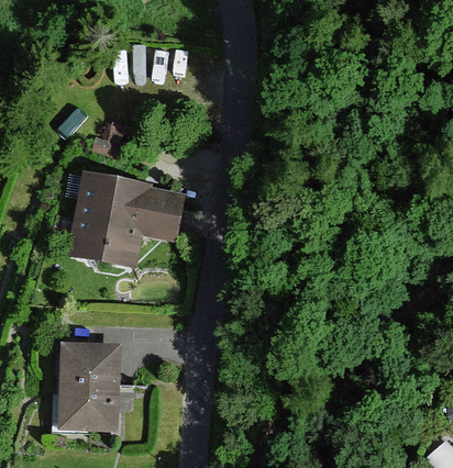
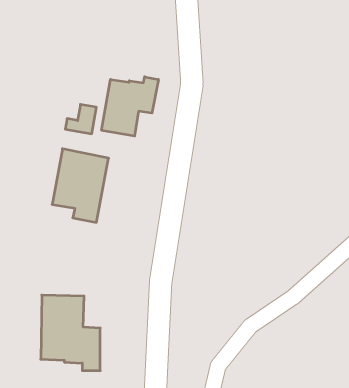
building: none -> [102,77,158,136]
building: [141,197,177,232] -> none

